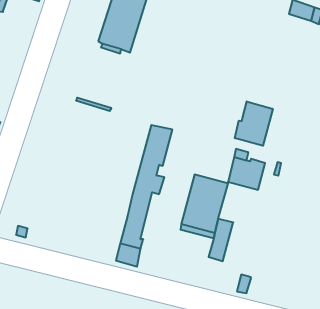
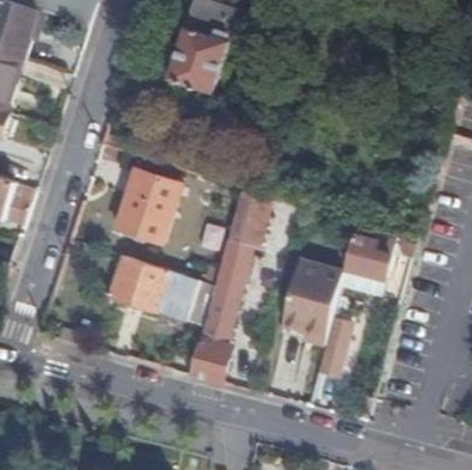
building: [235,101,273,146] -> none
building: none -> [116,170,179,244]
building: none -> [109,256,214,321]

